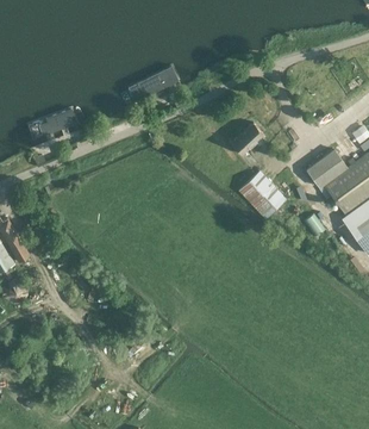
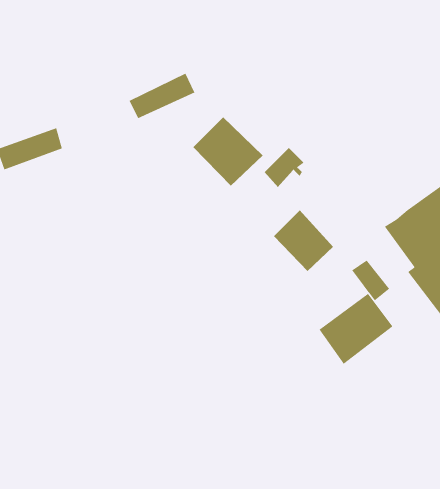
building: none -> [192,116,264,186]
building: [307,150,344,186] -> none
building: none -> [318,293,393,365]

